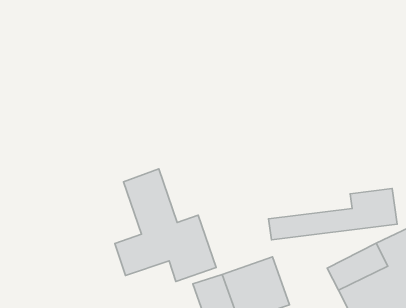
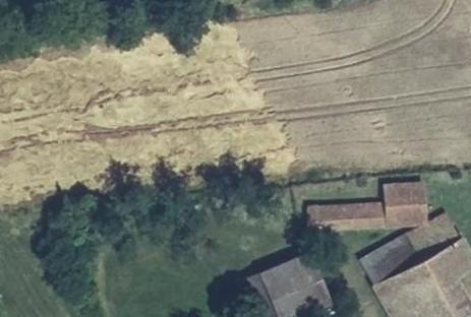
building: [115,169,216,282] -> none

